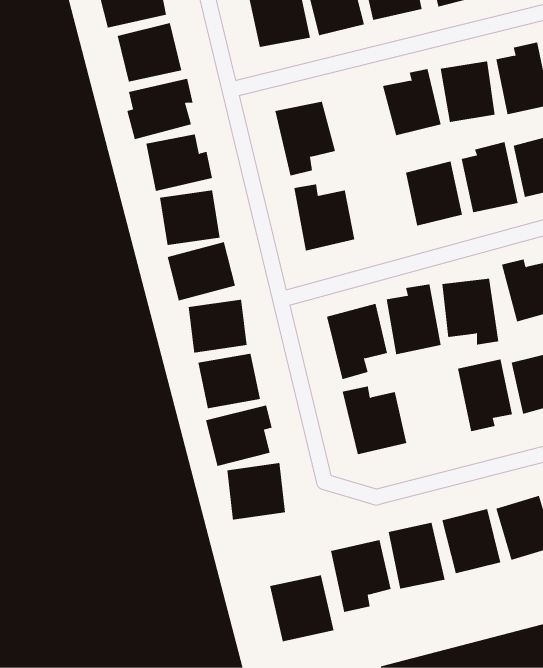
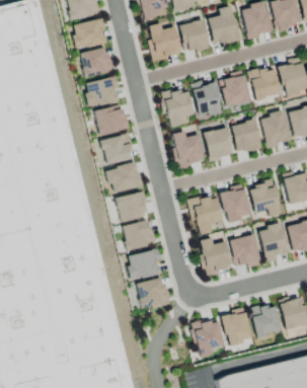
building: none -> [190,80,223,118]
building: none -> [205,129,232,160]
building: none -> [229,234,261,267]
building: [269,575,334,642] -> none

